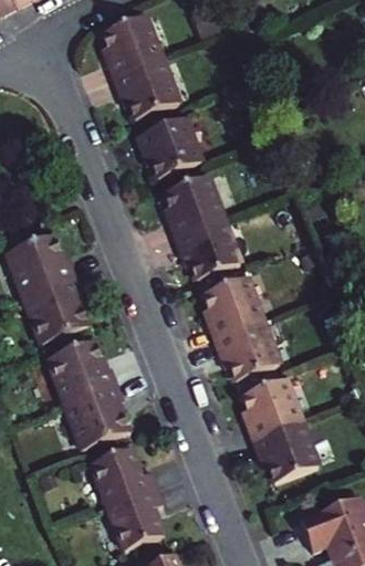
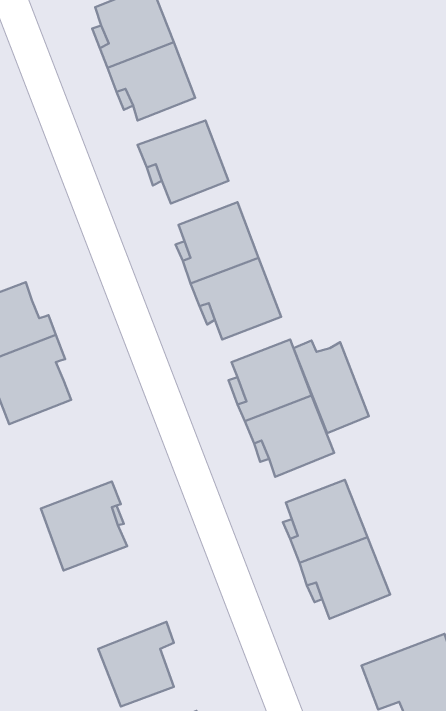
building: none -> [294,341,369,433]
building: [46,337,116,400] -> none
building: [91,444,156,503] -> none

